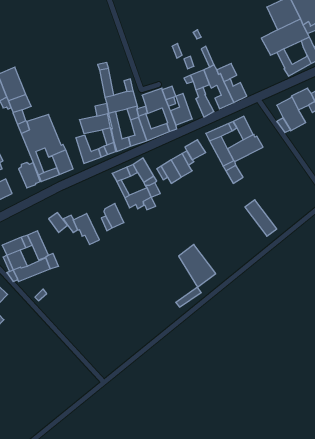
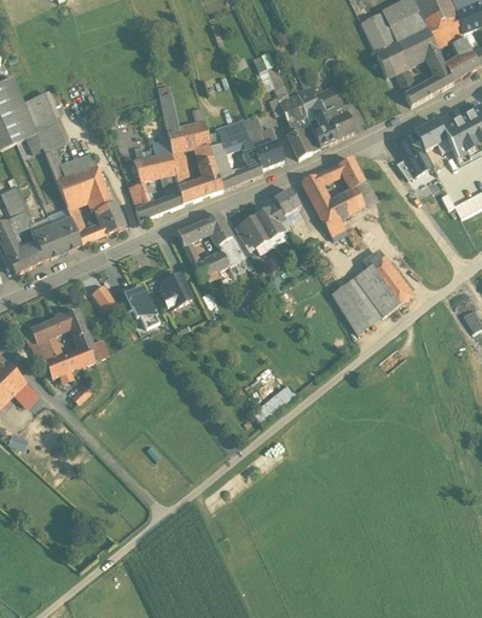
building: none -> [360,12,396,53]
building: none -> [33,227,63,260]
building: none -> [366,255,412,307]
building: [179,244,216,287] -> [332,278,382,334]

